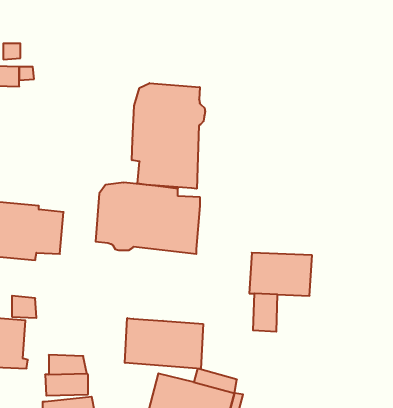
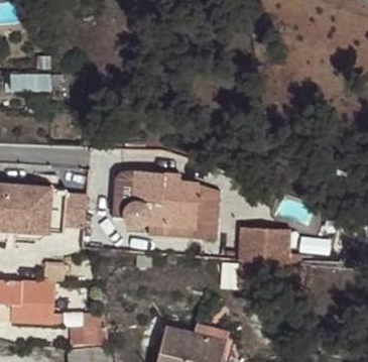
building: [132,83,205,189] -> none
building: none -> [196,190,220,227]
building: [125,318,203,369] -> none

